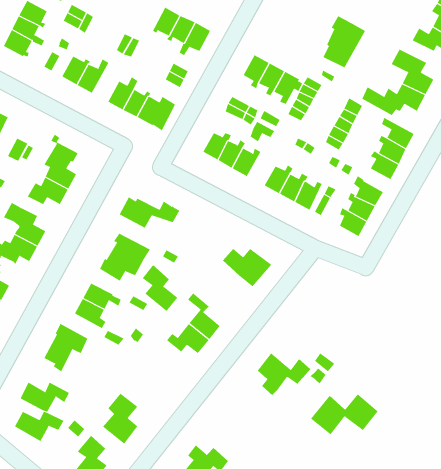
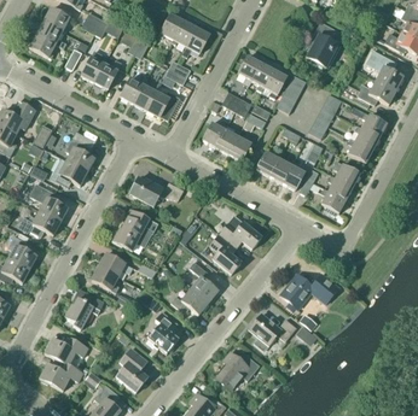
building: [142,264,178,312] -> [210,233,242,274]
building: none -> [149,310,179,352]
building: [310,393,378,435] -> [280,271,339,307]
building: none -> [216,351,260,389]

